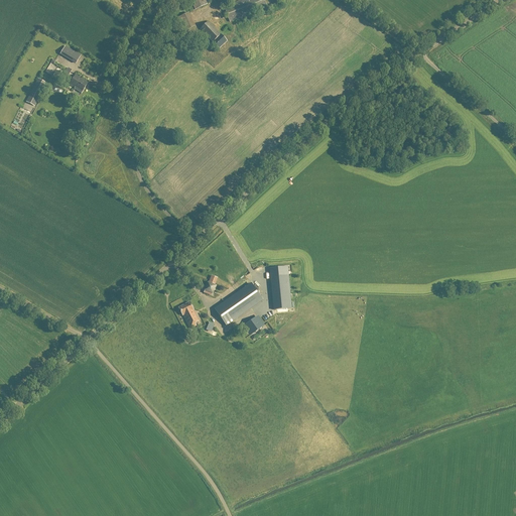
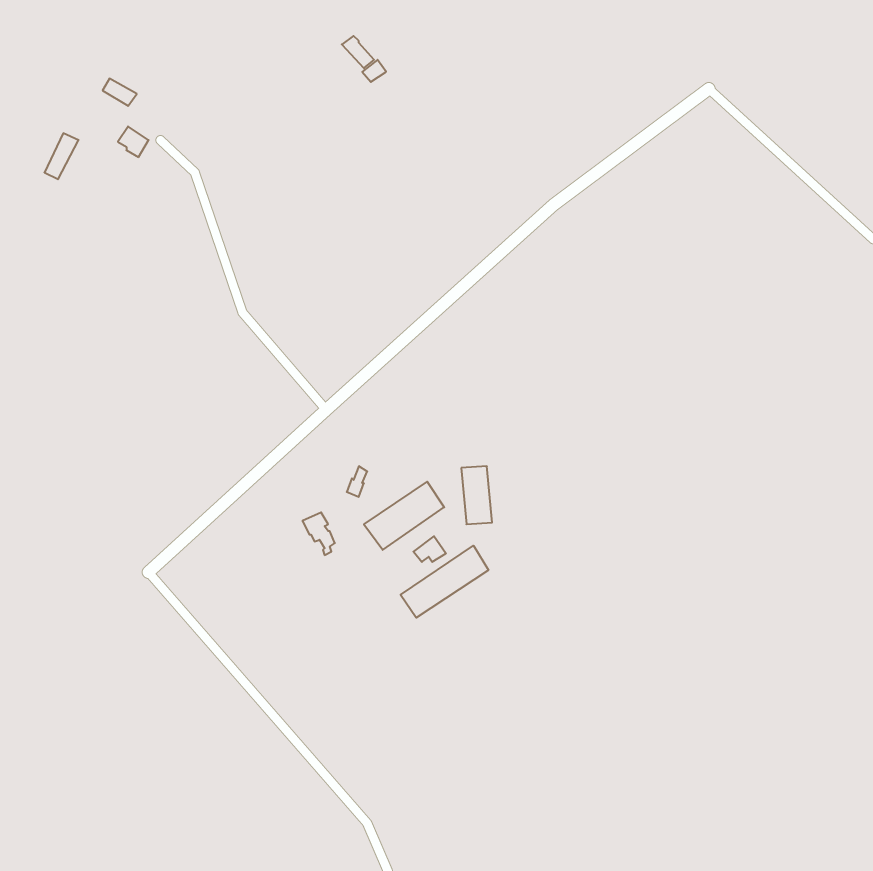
building: none -> [401,546,488,618]

